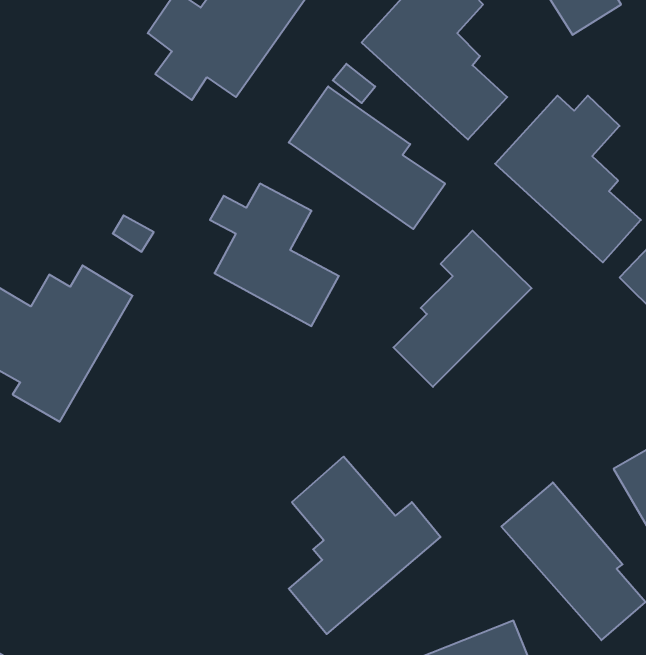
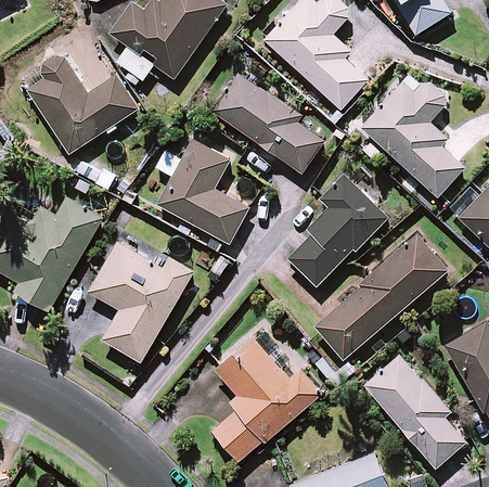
building: none -> [28,53,139,154]
building: none -> [314,235,448,360]
building: none -> [89,242,193,361]

